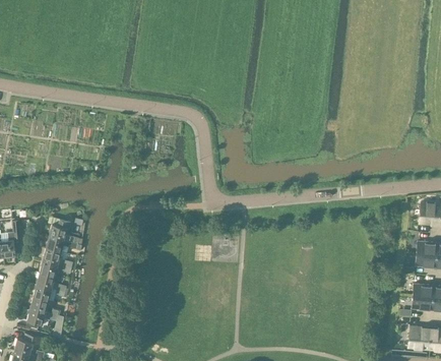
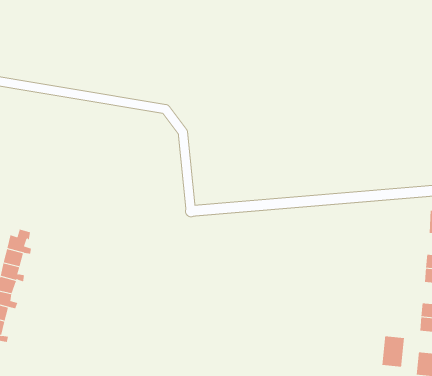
building: none -> [382,336,405,367]

